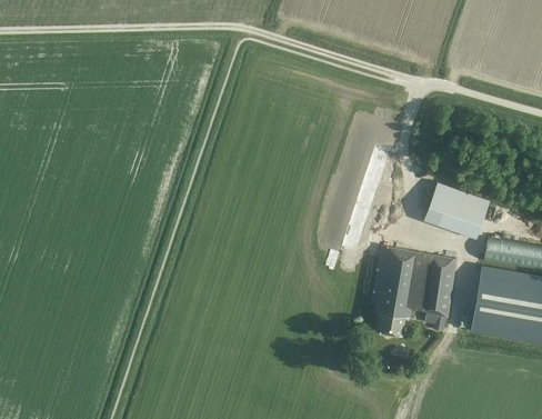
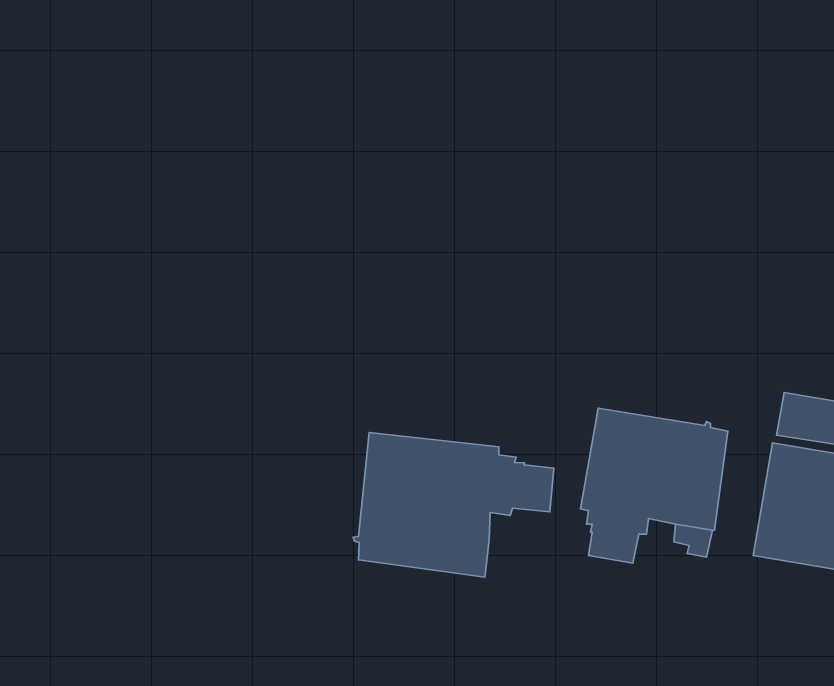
building: [423,183,490,239] -> none
building: none -> [353,433,554,577]

